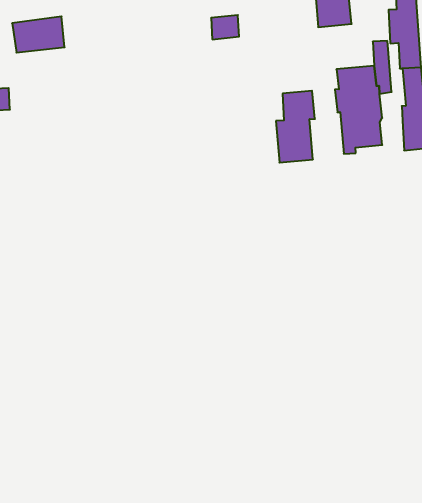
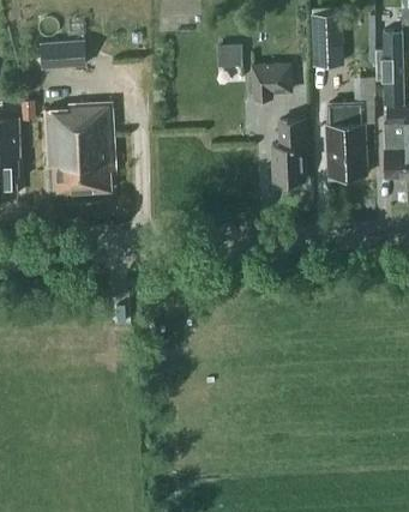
building: none -> [251,65,287,100]
building: none -> [43,104,112,193]

